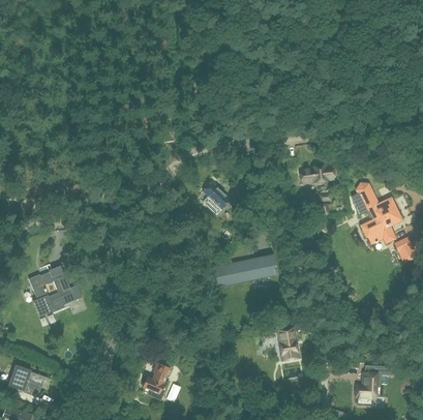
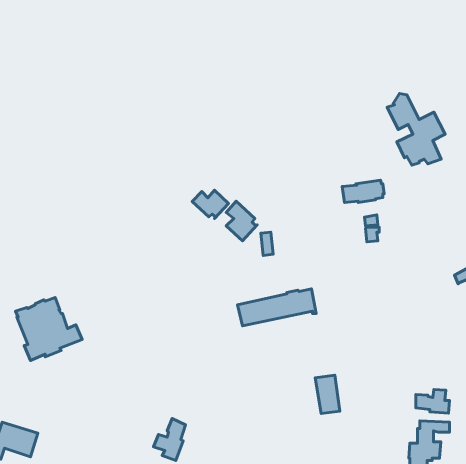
building: none -> [192,190,229,218]
building: [352,184,400,244] -> [387,94,445,165]
building: none -> [416,390,450,413]

